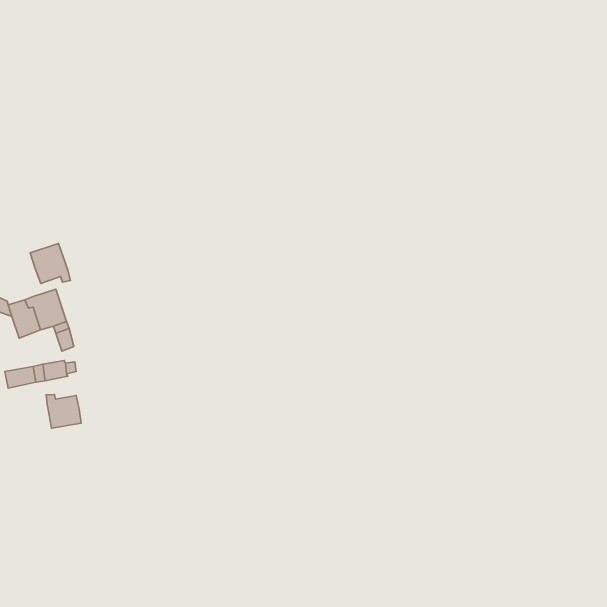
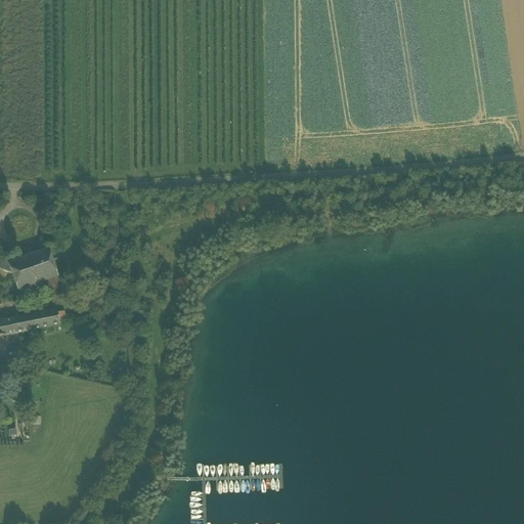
building: [30,243,70,284] -> none
building: [46,394,81,428] -> none

